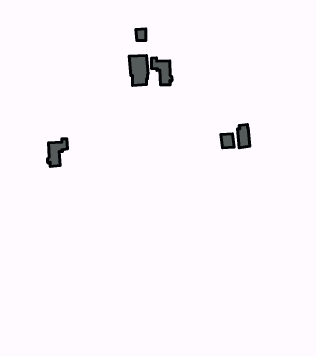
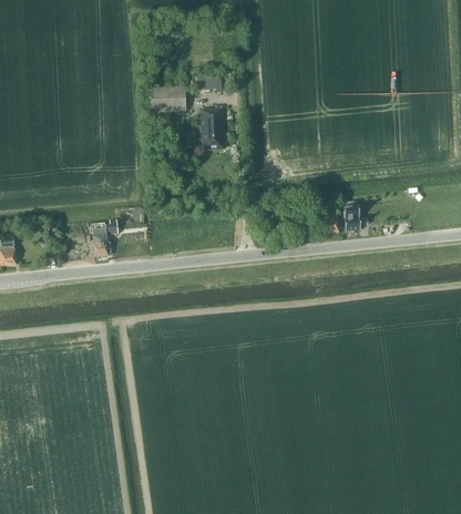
building: none -> [144,85,185,112]
building: [152,58,172,85] -> none

